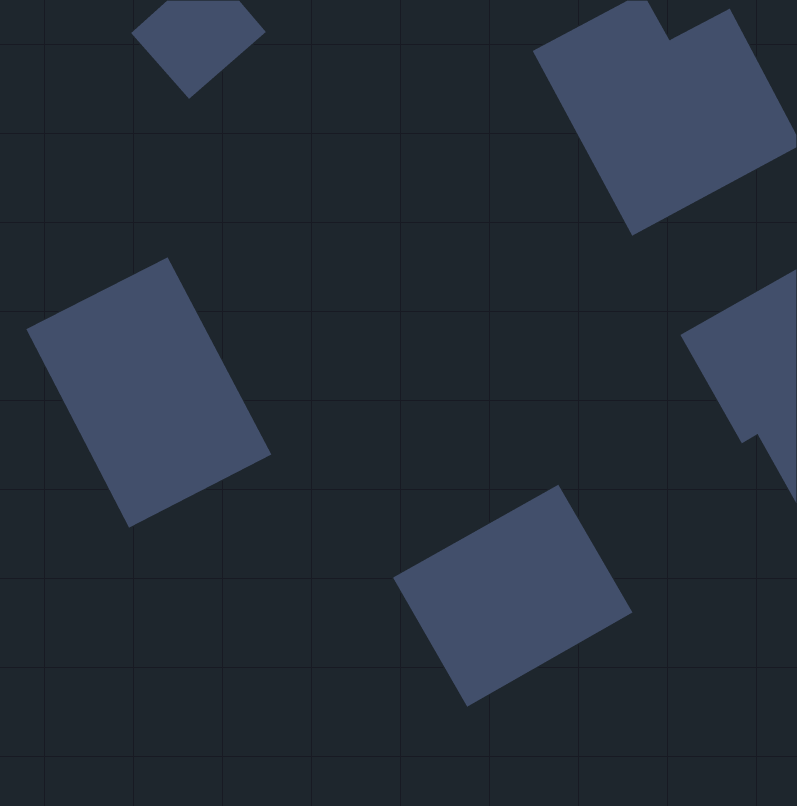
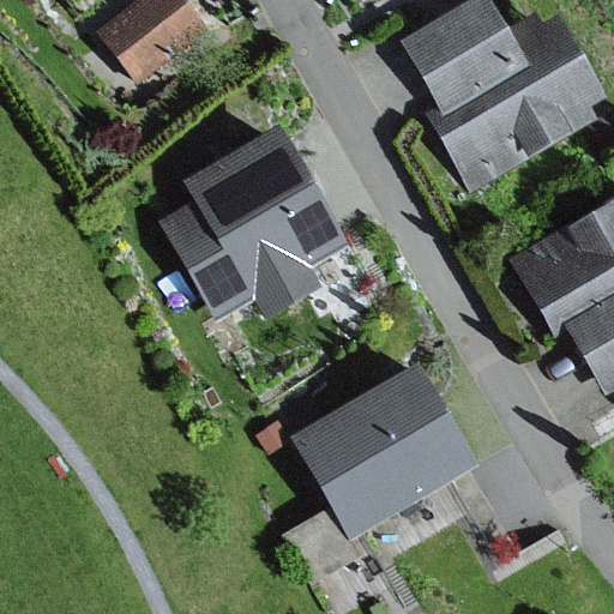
building: none -> [162,125,349,317]
building: [25,256,272,529] -> none

